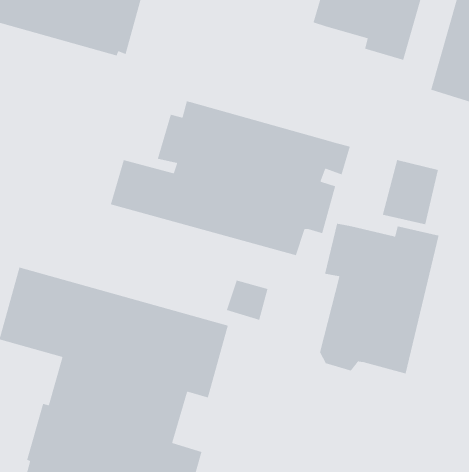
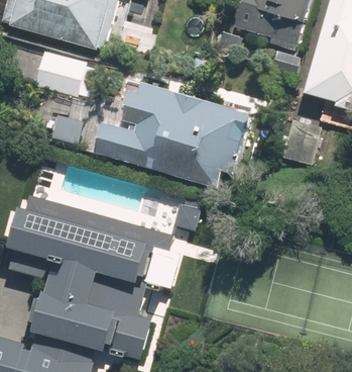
building: [319,223,439,375] -> none

